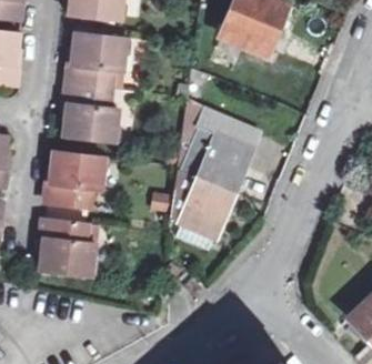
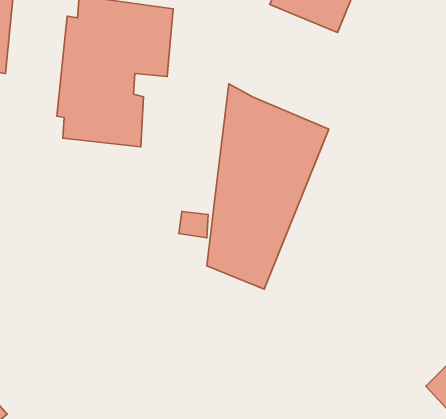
building: [42,149,110,210] -> none
building: [34,215,100,277] -> none

